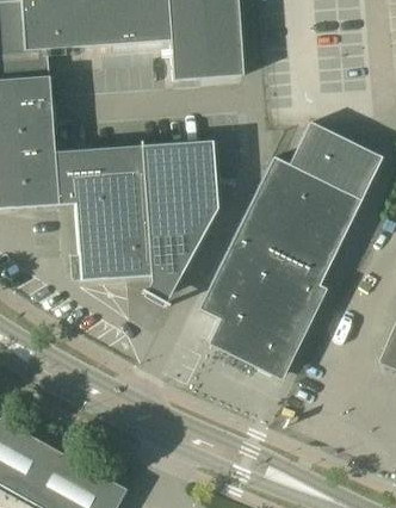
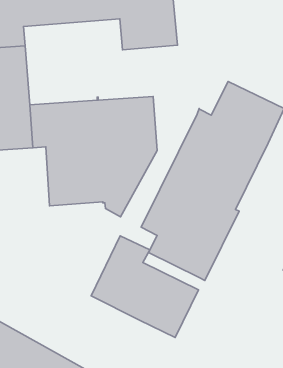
building: none -> [91,236,199,338]

